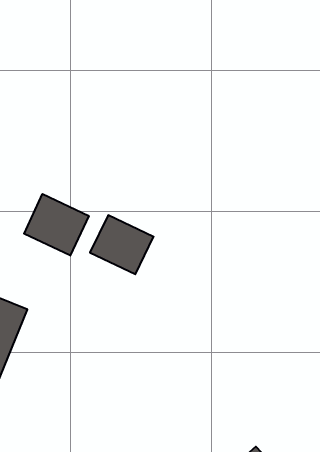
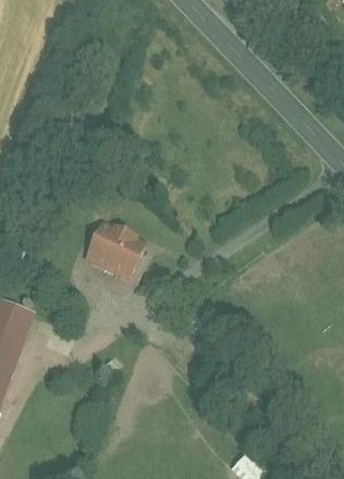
building: [24,194,89,256] -> none

